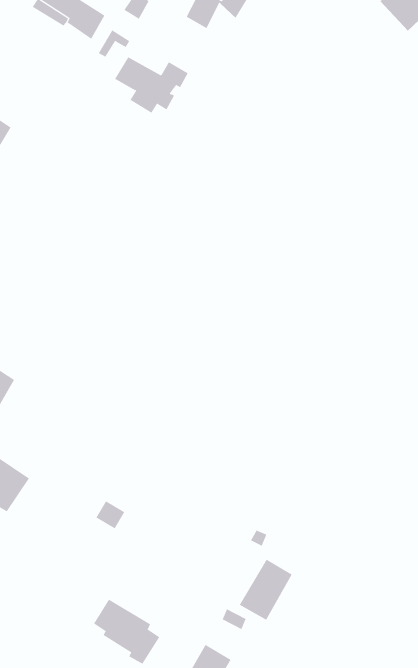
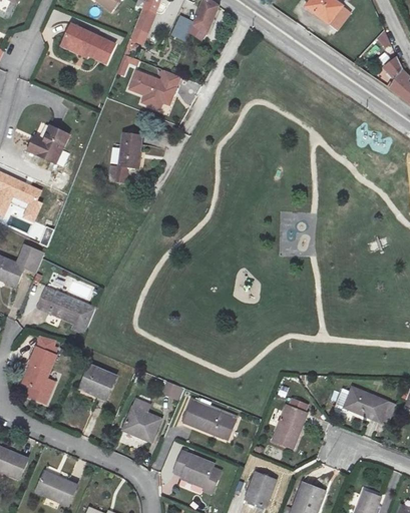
building: none -> [108,131,137,179]
building: none -> [123,400,161,441]
building: none -> [185,404,232,439]
building: none -> [344,386,387,421]

